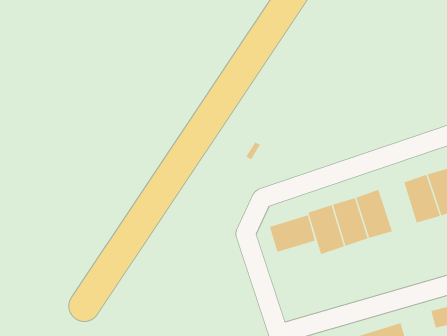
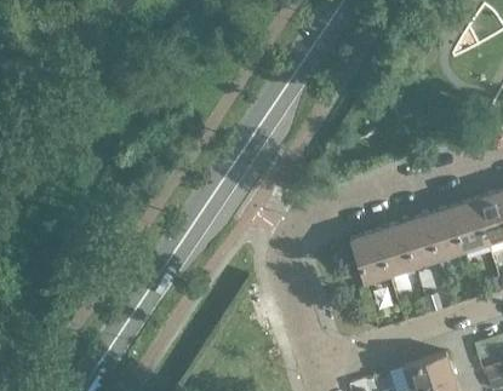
building: none -> [424,208,463,259]
building: [269,215,315,253] -> none

